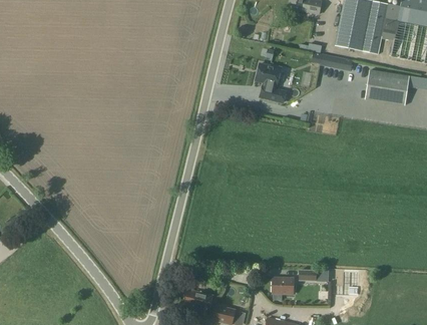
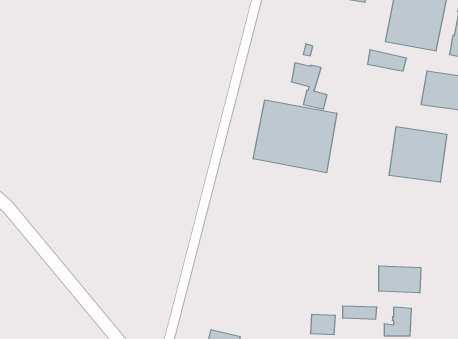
building: none -> [253,100,337,173]
building: none -> [389,127,447,182]
building: none -> [379,266,421,293]

